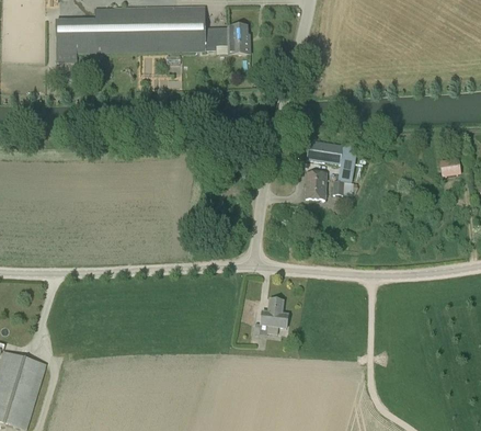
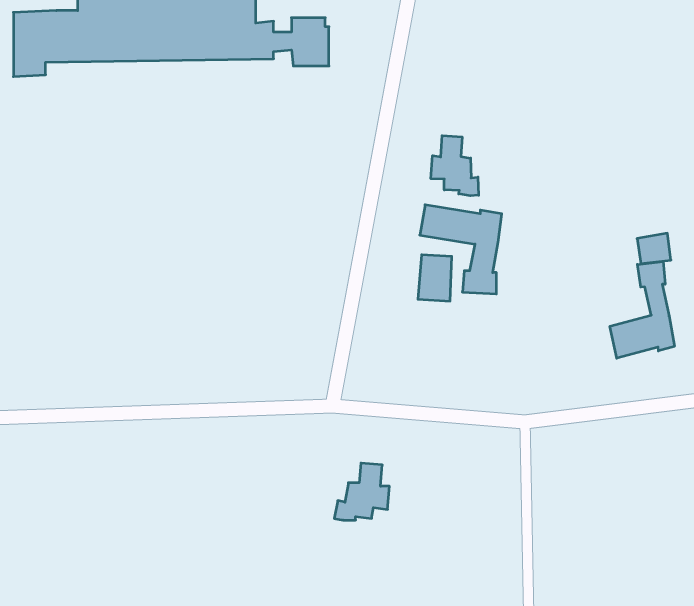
building: none -> [431,136,479,196]
building: none -> [610,262,674,358]

